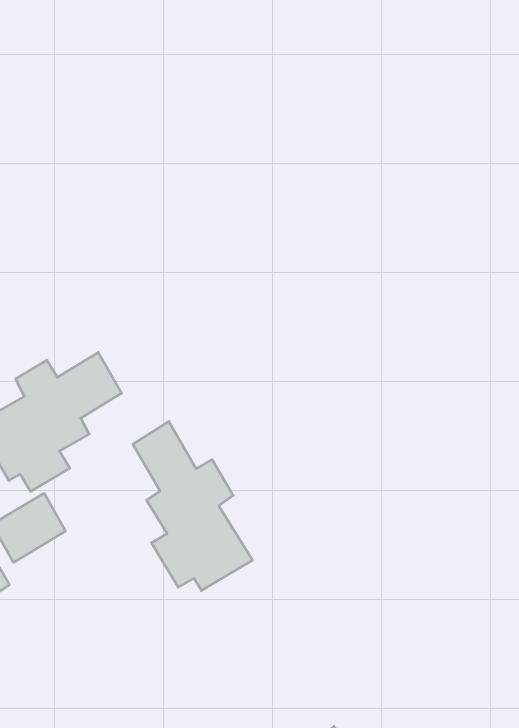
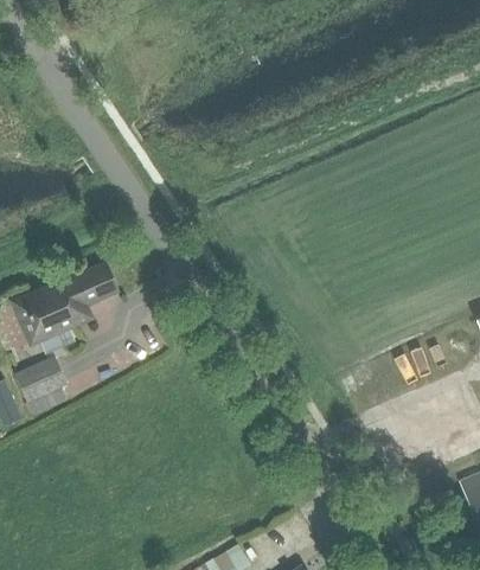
building: [133,421,252,591] -> none

